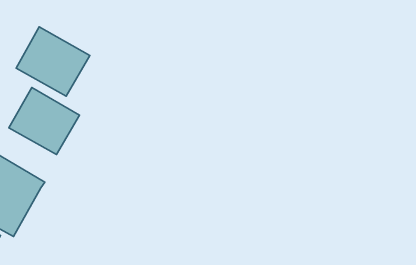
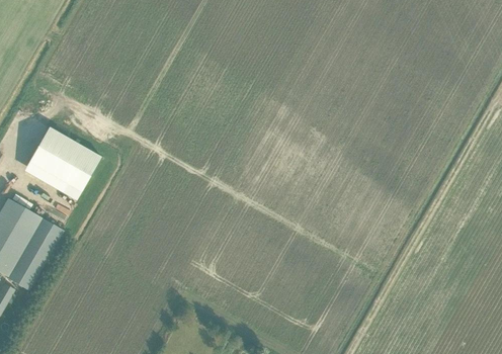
building: [16,27,90,96] -> none

